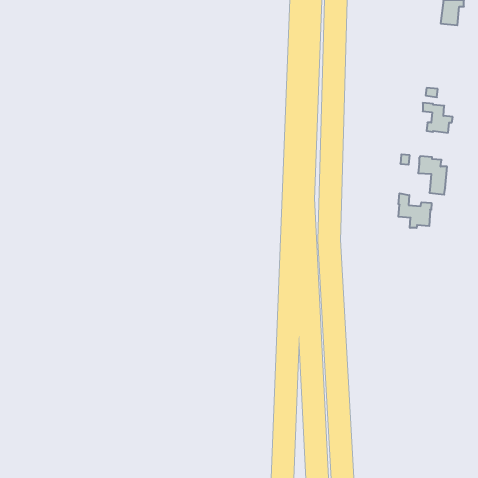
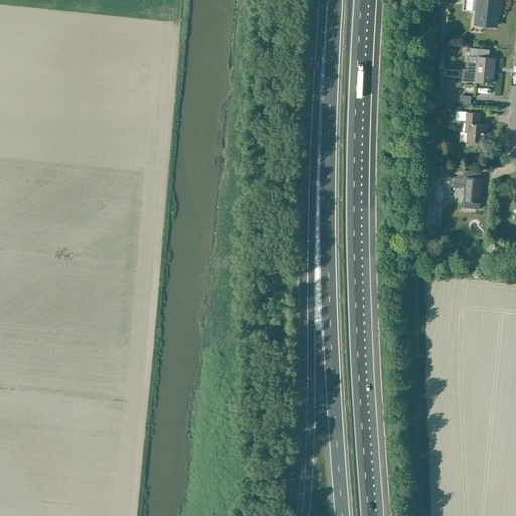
building: none -> [468,48,495,84]
building: [398,193,431,228] -> none

